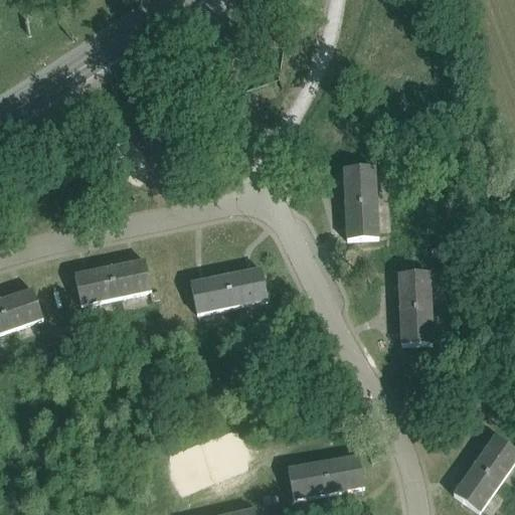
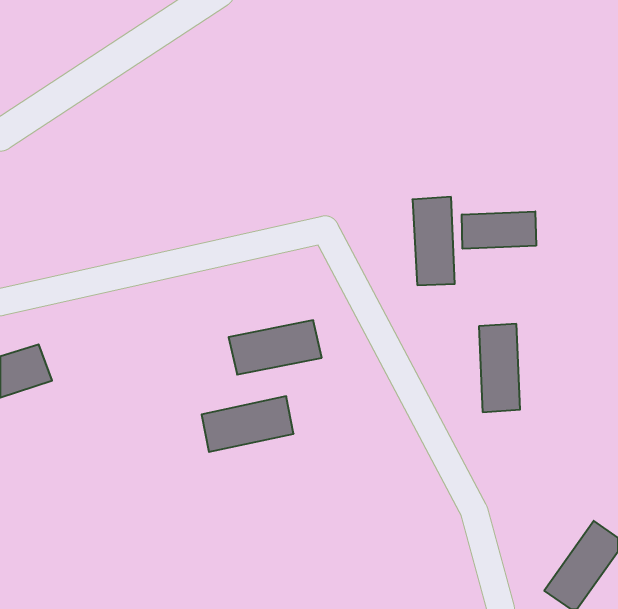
building: none -> [462,211,536,249]
building: [74,258,151,304] -> [202,396,294,452]
building: [288,454,364,498] -> none

